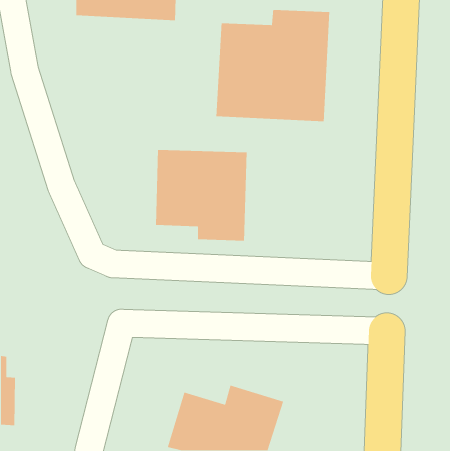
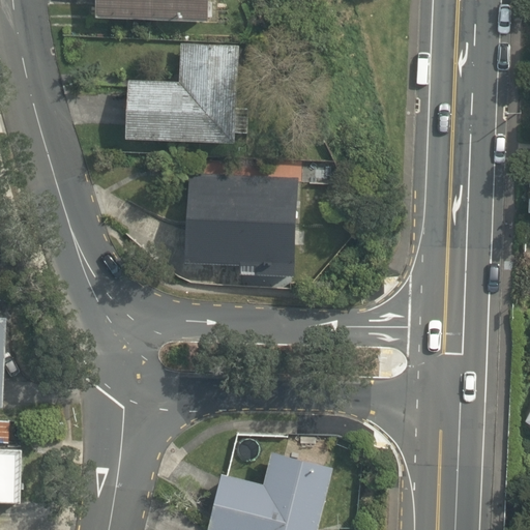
building: [215,9,330,122] -> none
building: none -> [127,41,234,147]

